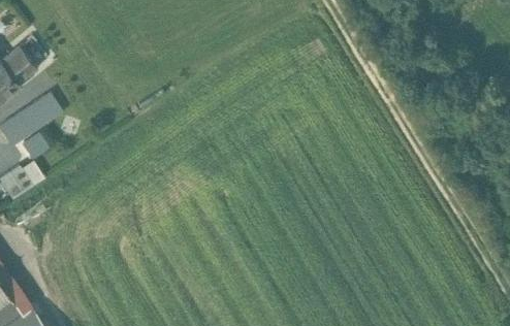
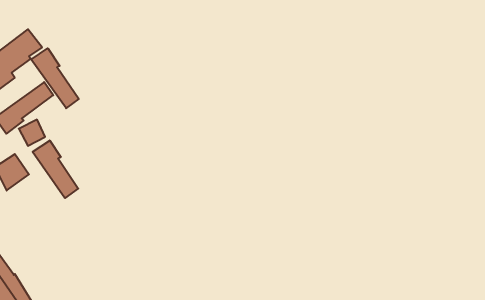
building: none -> [31,48,79,108]
building: none -> [33,140,78,198]

